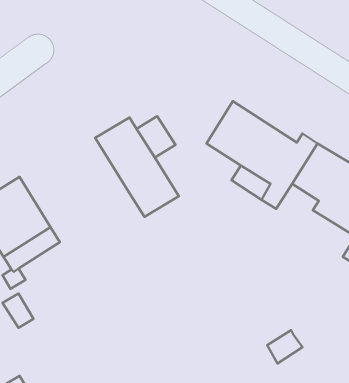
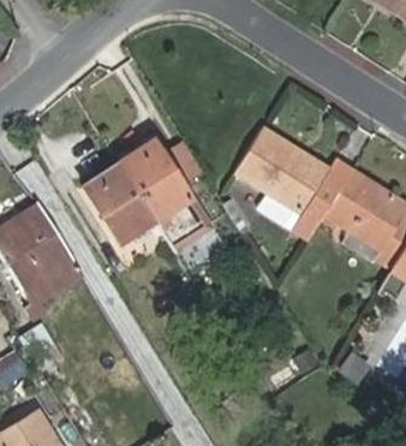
building: none -> [86,165,153,240]

